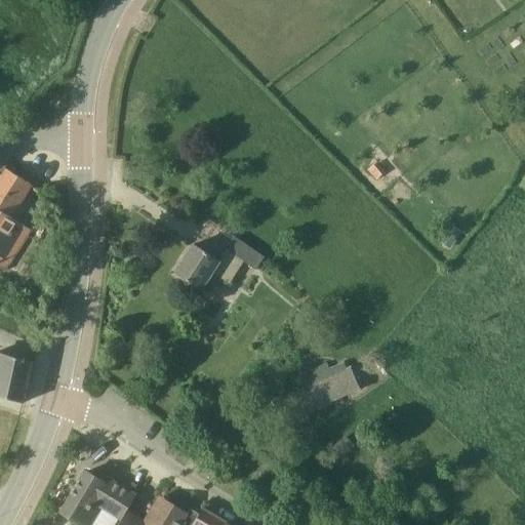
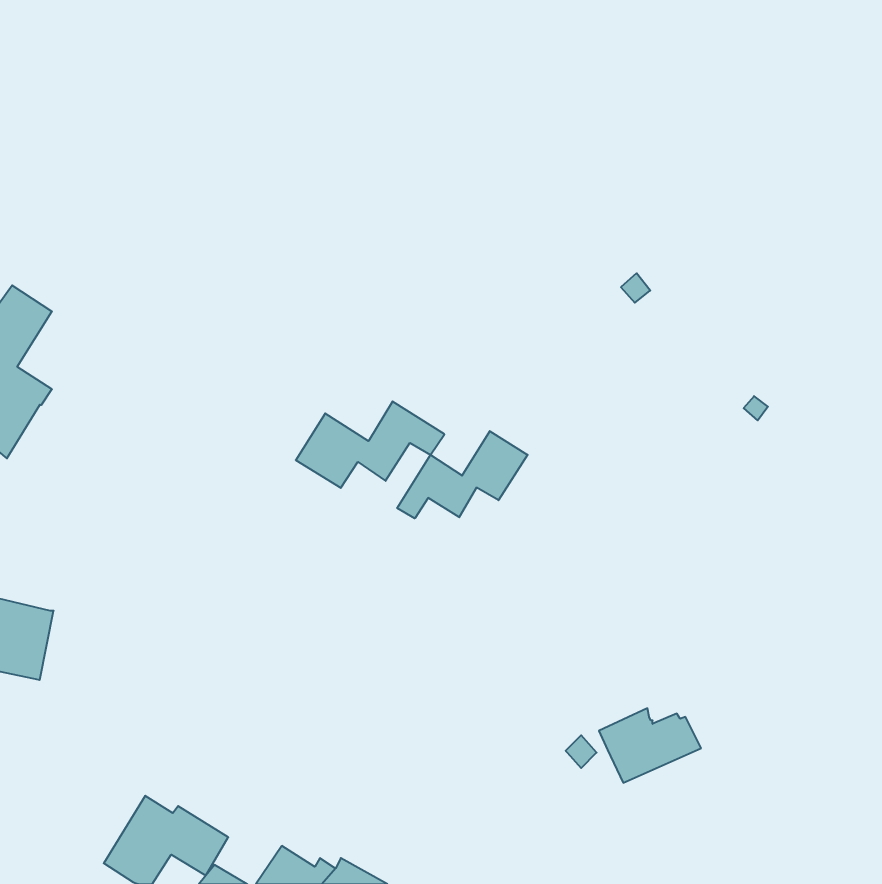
building: none -> [397,431,528,518]
building: [298,364,359,408] -> [599,708,701,783]

